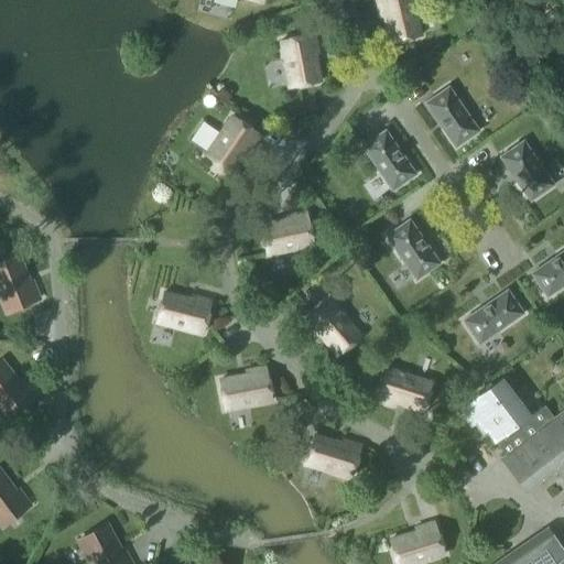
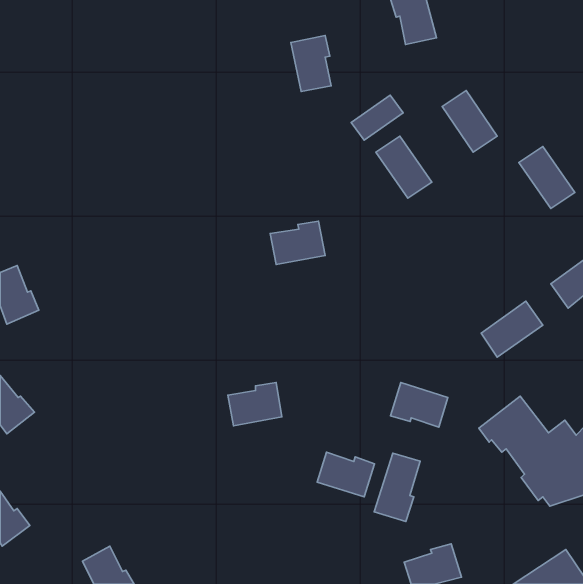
building: none -> [351,95,403,140]
building: [207,116,261,172] -> none
building: [388,219,441,280] -> none
building: [158,293,213,334] -> none
building: [306,299,362,355] -> none
building: none -> [374,453,420,522]

